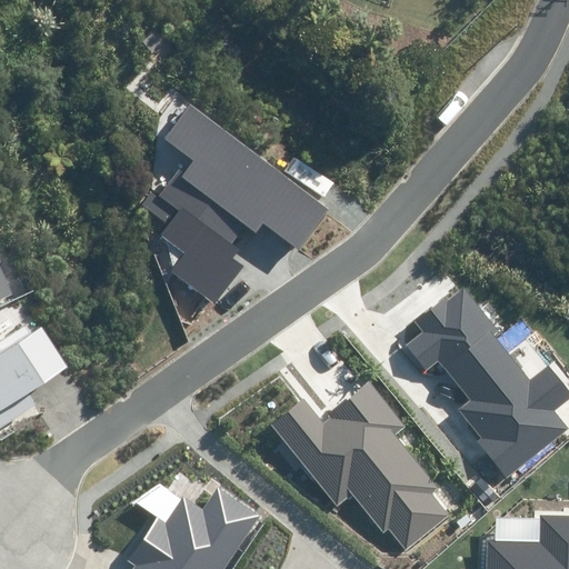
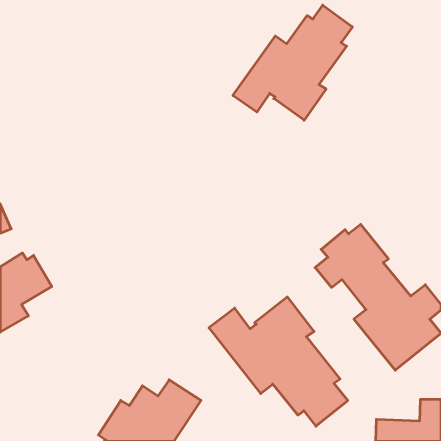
building: none -> [233,5,352,120]
building: [141,108,329,305] -> none

